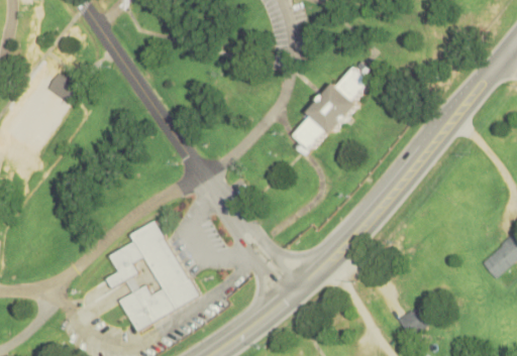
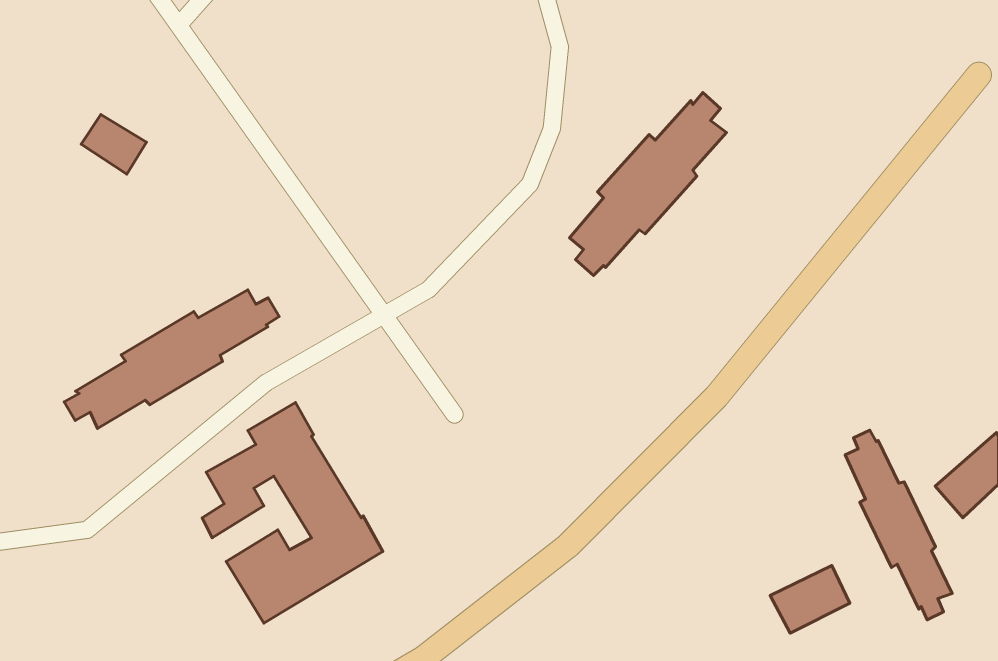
building: none -> [64,290,279,429]
building: none -> [845,430,952,620]

